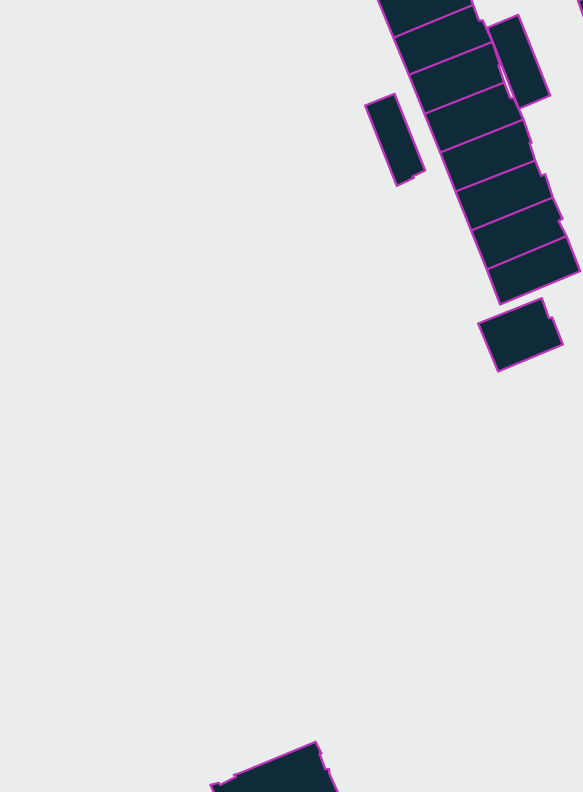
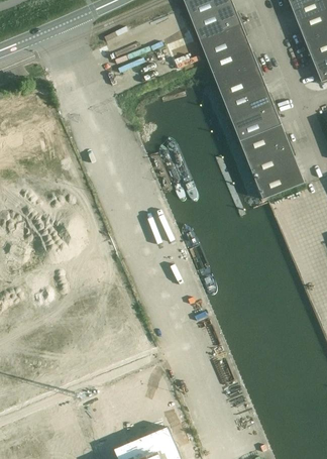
building: [487,15,550,109] -> none
building: [365,94,425,186] -> none
building: [478,298,563,371] -> none

